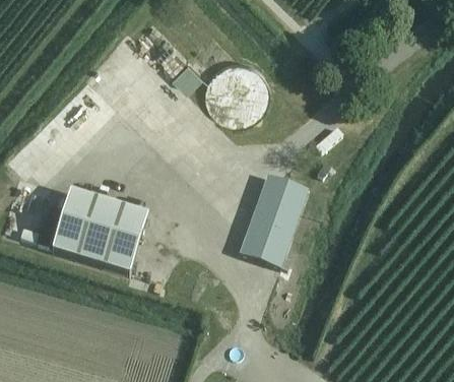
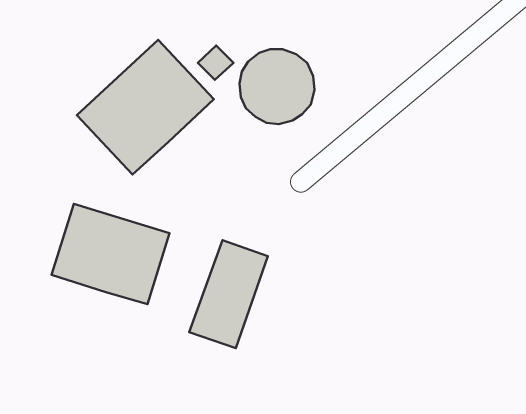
building: none -> [77,40,214,174]
building: [240,175,305,264] -> [189,240,268,348]

